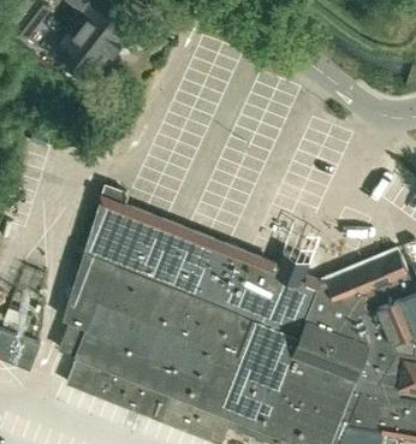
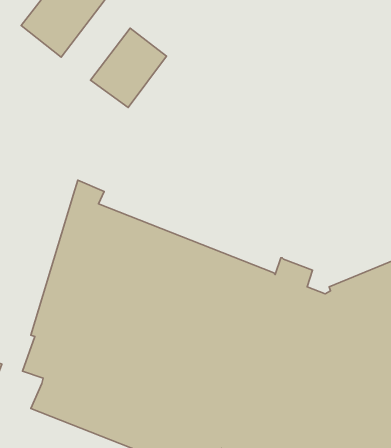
building: none -> [91,28,167,108]

